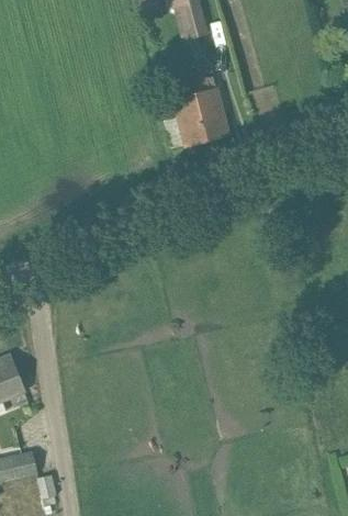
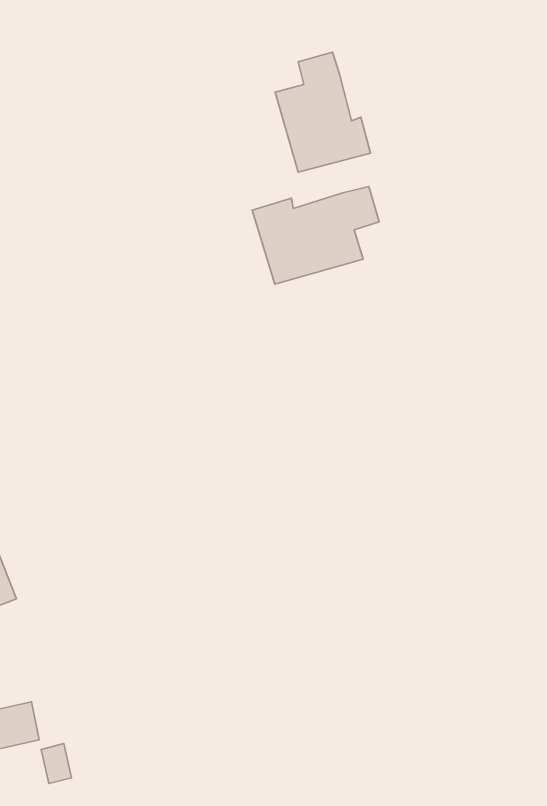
building: none -> [252,186,379,284]

